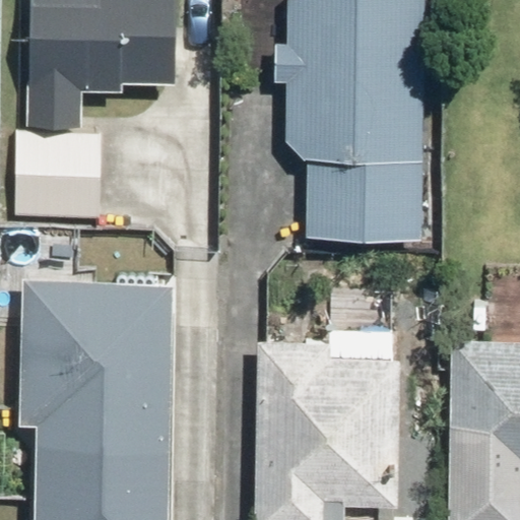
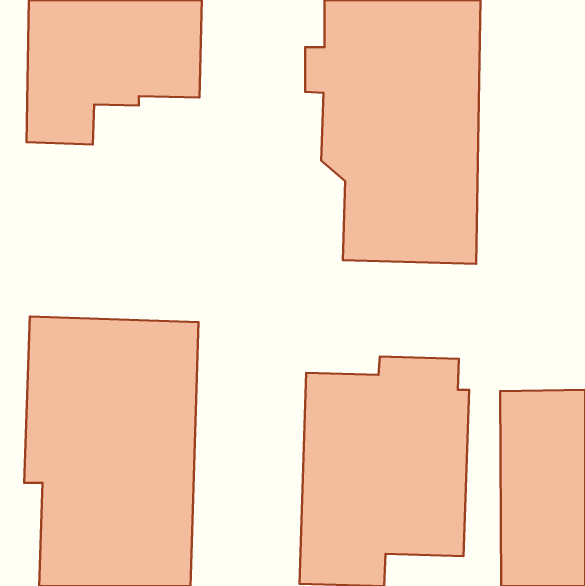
building: [13,131,100,215] -> none

